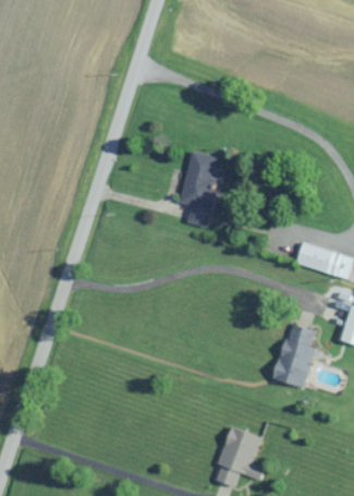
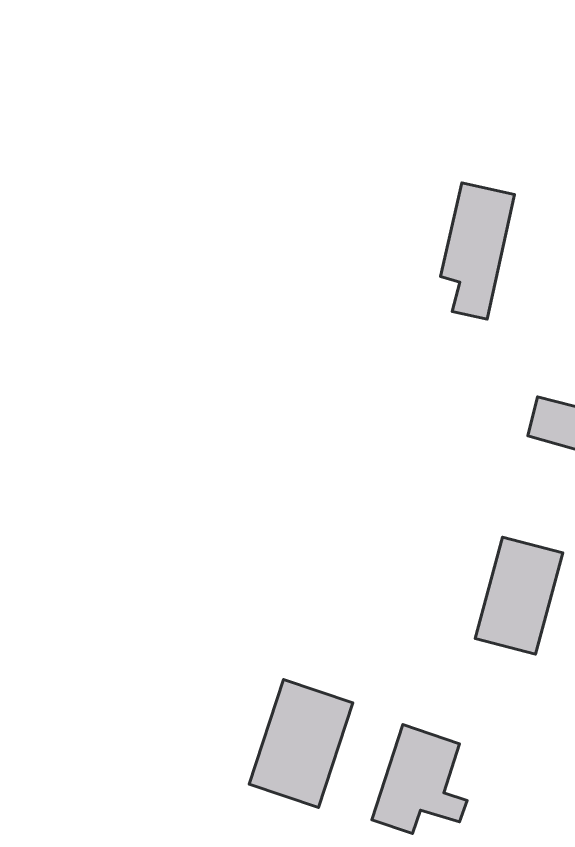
building: [180,152,221,228] -> [440,183,515,319]
building: none -> [249,680,353,808]

